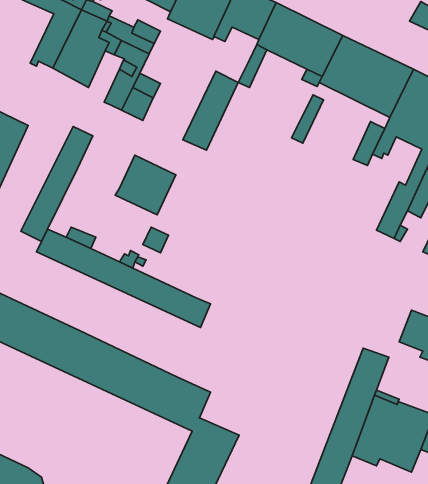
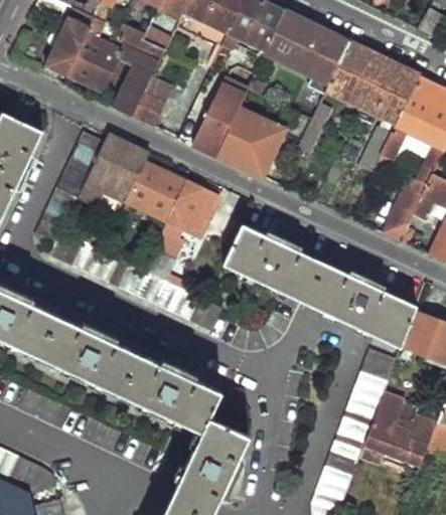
building: none -> [216,108,285,177]
building: none -> [90,135,150,193]
building: none -> [168,180,219,234]
building: none -> [224,224,416,345]

